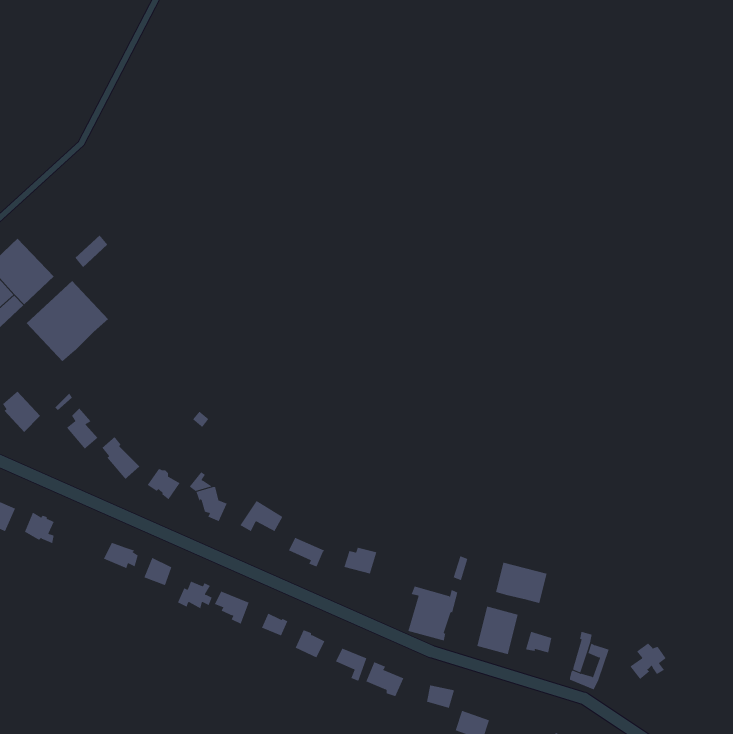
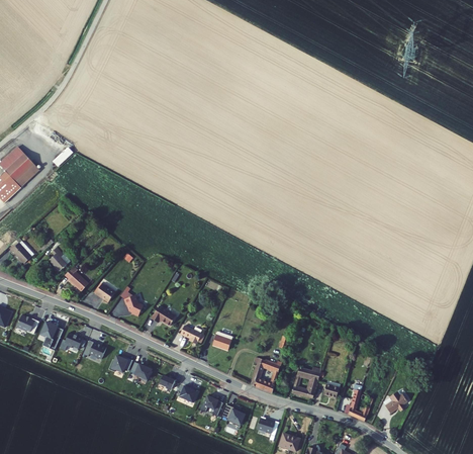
building: [26,280,109,362] -> none
building: none -> [42,320,66,347]
building: [495,562,547,604] -> none

